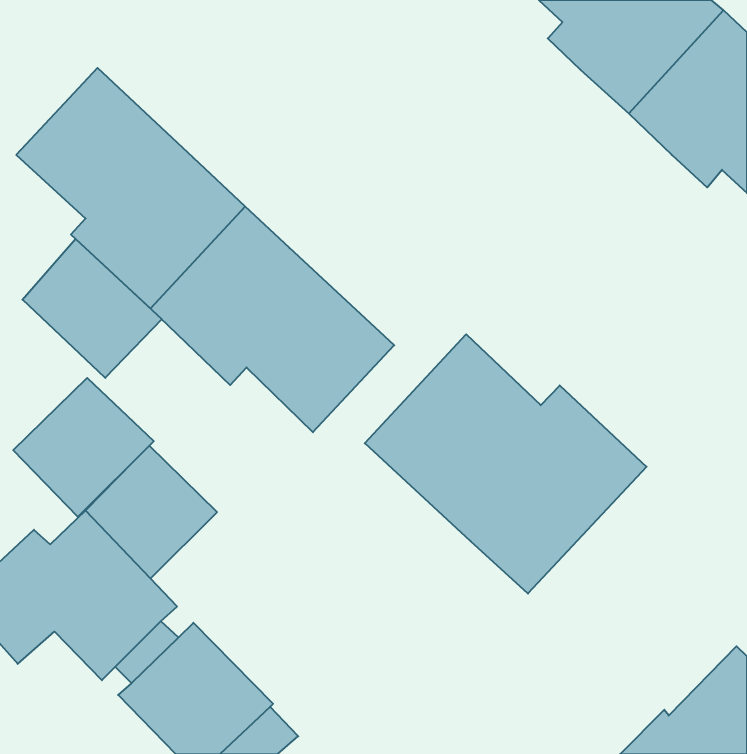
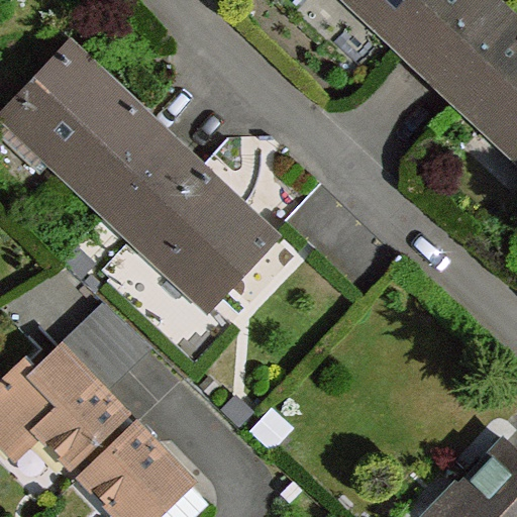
building: [22,239,162,378] -> none
building: [365,334,647,594] -> none
building: [13,378,154,517] -> none

